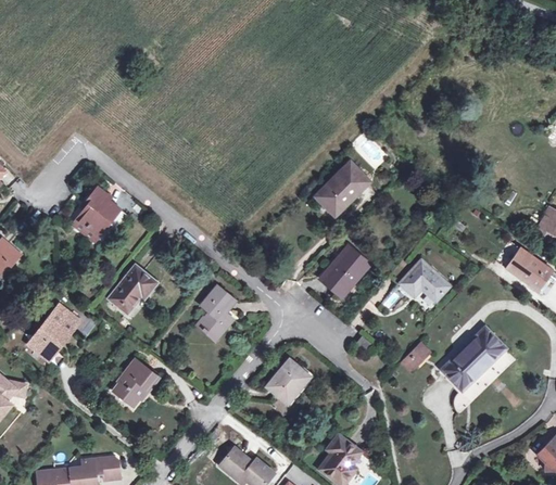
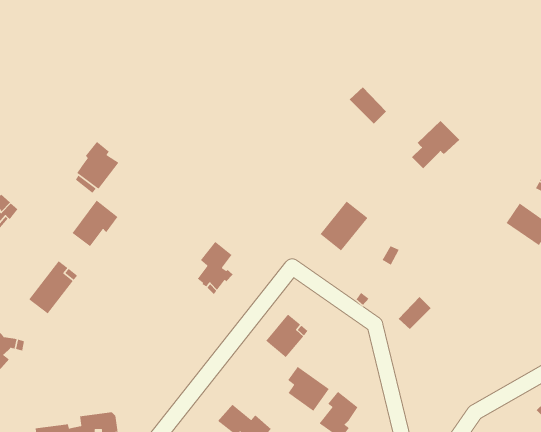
building: [320,162,369,210] -> [411,120,460,169]
building: [400,259,448,299] -> none
building: [110,264,156,311] -> [72,199,118,247]
building: [442,327,515,413] -> none
building: [114,359,157,405] -> none
building: none -> [287,366,330,412]

